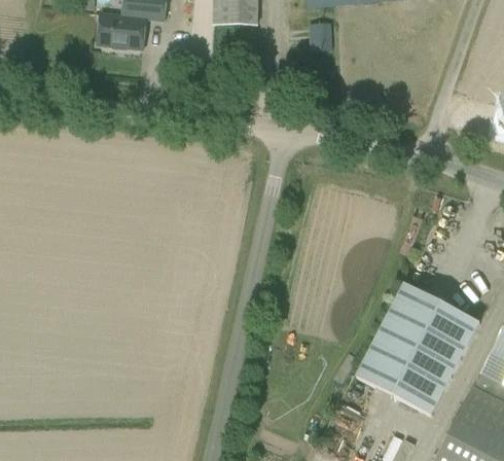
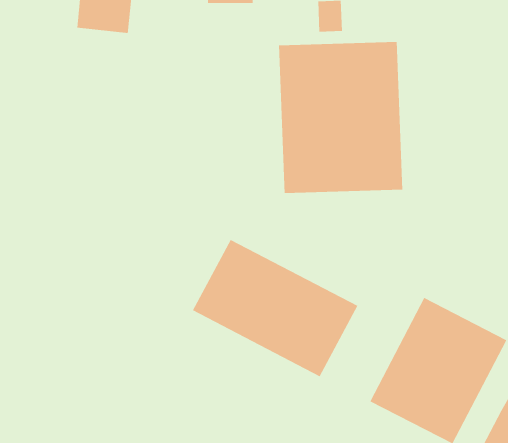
building: none -> [279,41,403,194]
building: none -> [192,239,358,377]

